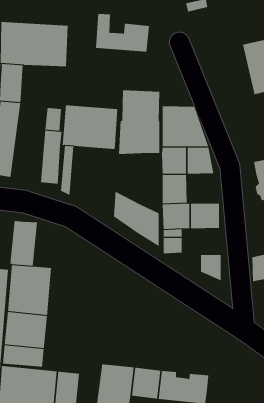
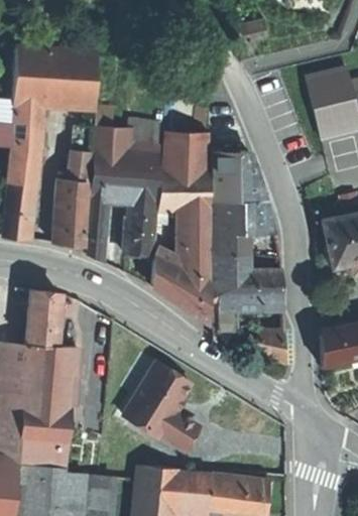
building: [95,13,150,52] -> [94,108,160,155]
building: none -> [124,203,155,255]
building: none -> [186,210,210,282]
building: none -> [124,362,200,450]

